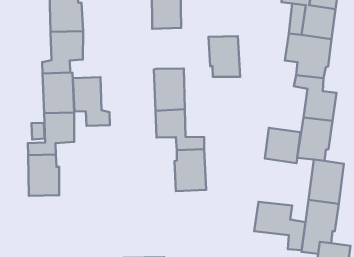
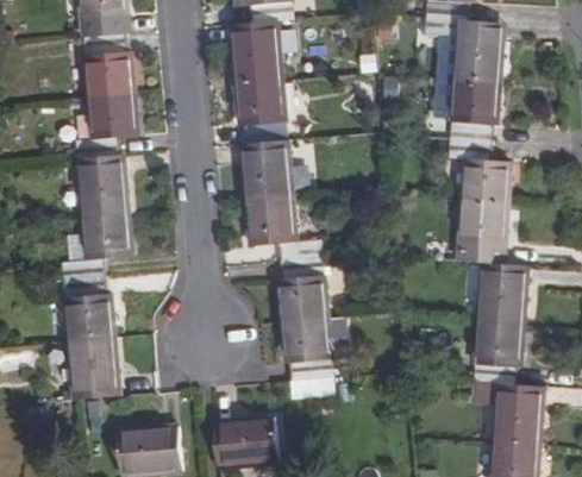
building: [209,36,240,77] -> [234,80,284,142]
building: [73,77,110,126] -> none
building: [265,128,300,163] -> none
building: none -> [283,315,332,379]
building: none -> [68,335,118,398]
building: [254,202,305,250] -> none

